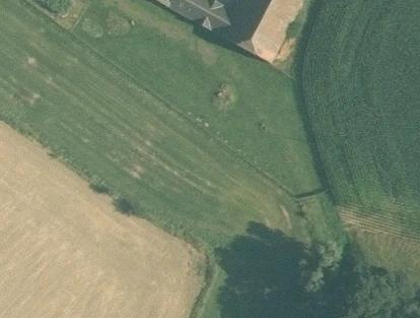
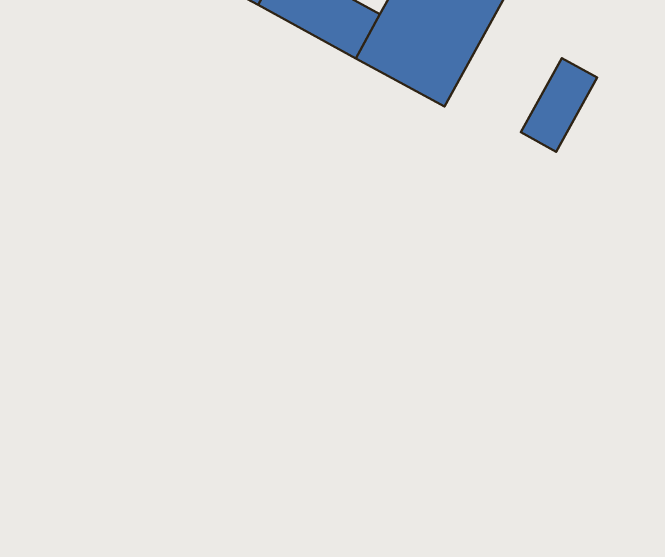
building: none -> [521,58,597,152]

